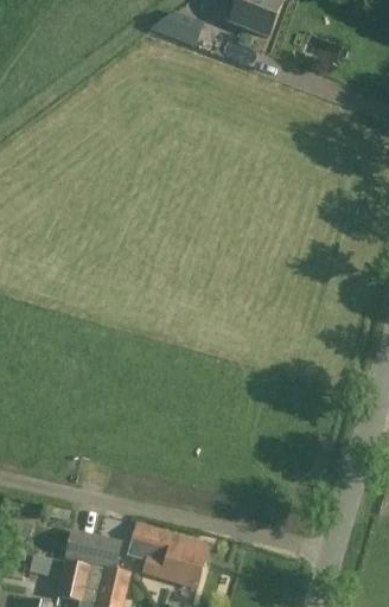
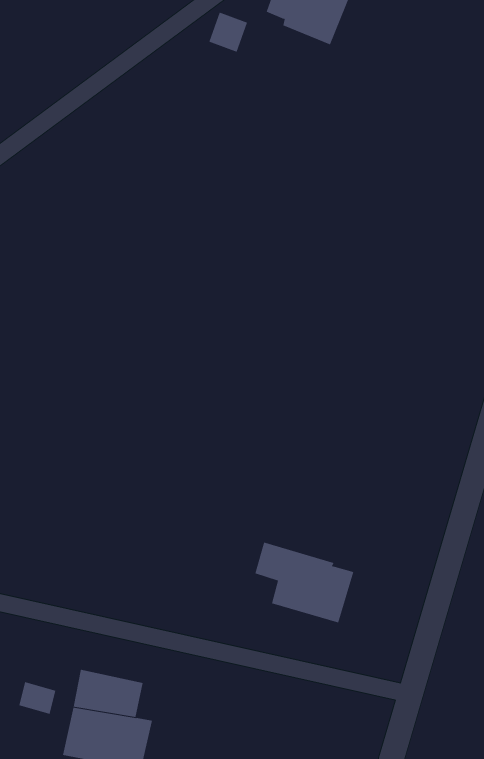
building: [129,523,208,587] -> [255,542,354,623]

